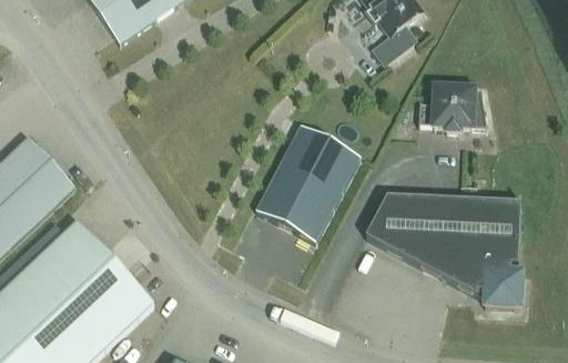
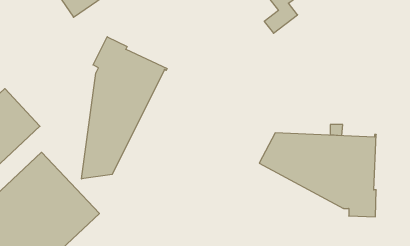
building: none -> [82,37,167,179]
building: [416,82,485,134] -> none
building: [256,124,361,241] -> none

